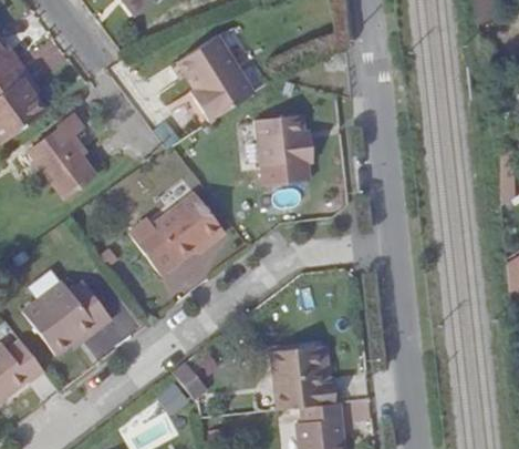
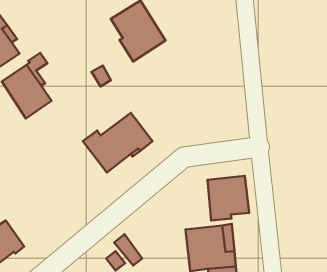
building: [260,110,319,182] -> none
building: none -> [208,176,249,220]
building: [27,280,116,357] -> none

